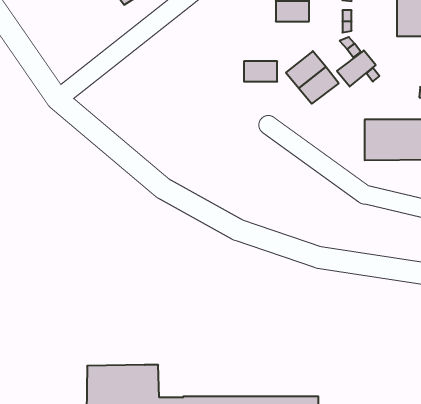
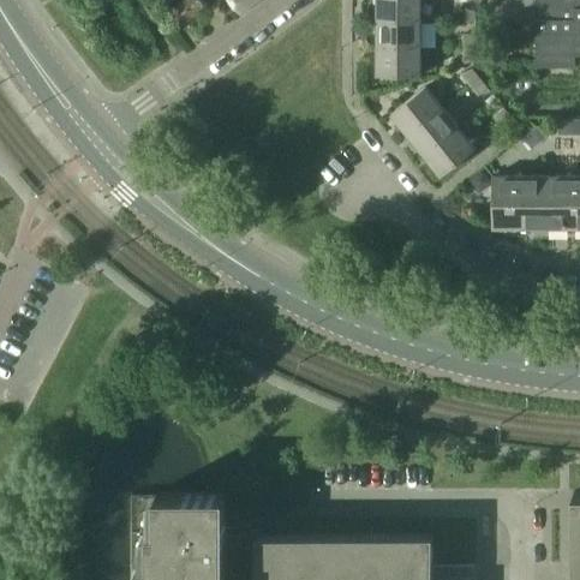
building: [337,50,376,87] -> [425,131,476,178]
building: [244,61,277,82] -> [378,50,421,77]

